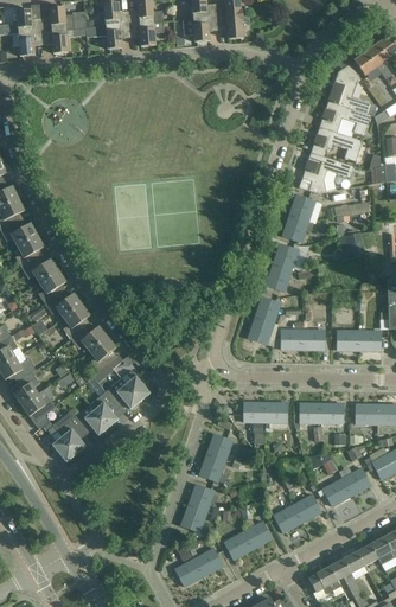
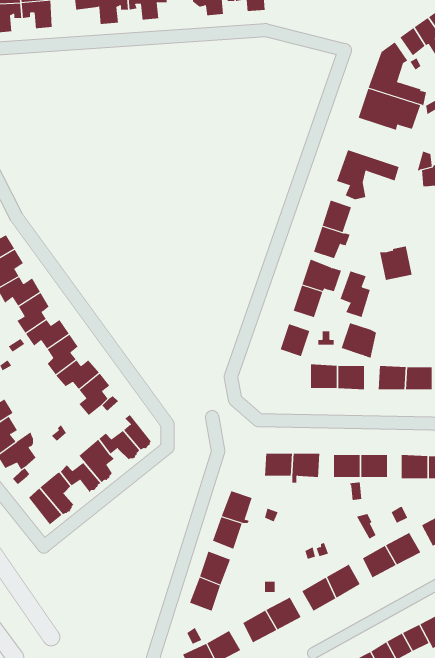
building: [311,126,363,166] -> none
building: none -> [340,271,370,318]
building: [248,317,277,346] -> [341,322,377,358]

